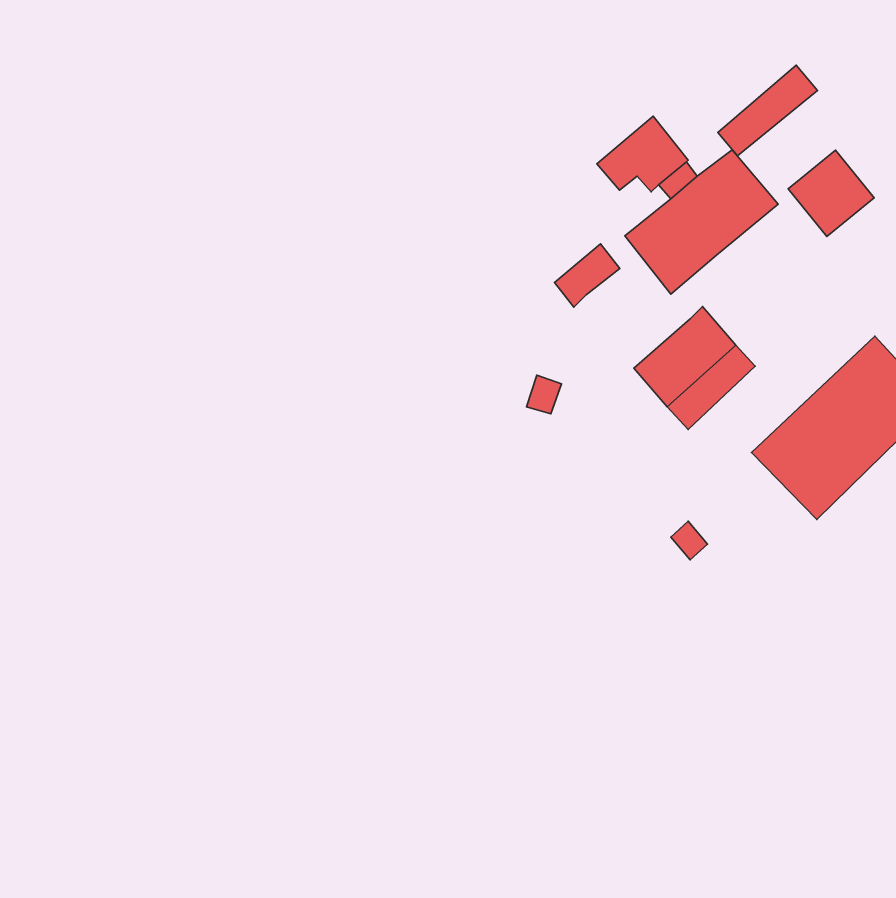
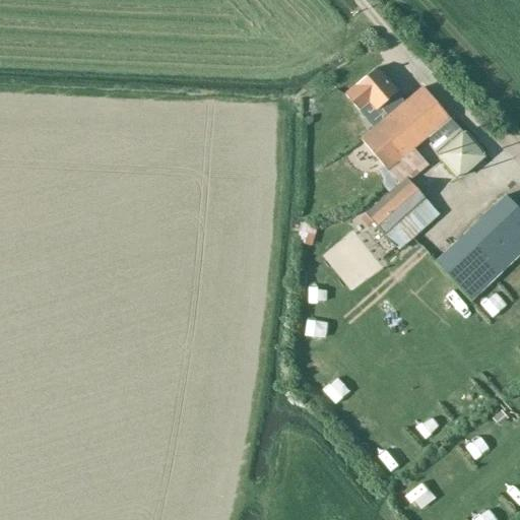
building: [718,65,817,156] -> none
building: [788,150,874,236] -> [437,130,486,180]
building: [555,244,620,307] -> [389,147,427,184]

